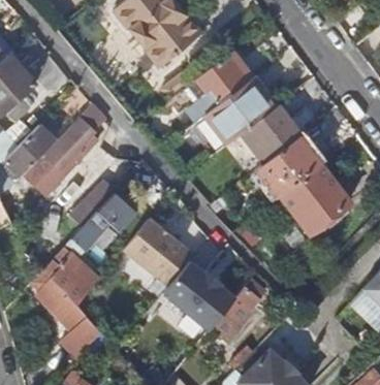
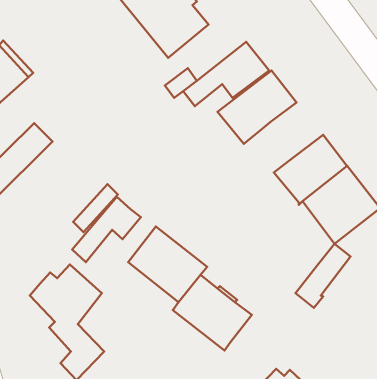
building: [39,103,108,179] -> none
building: [245,105,300,160] -> none
building: [216,279,265,336] -> [296,244,351,308]

